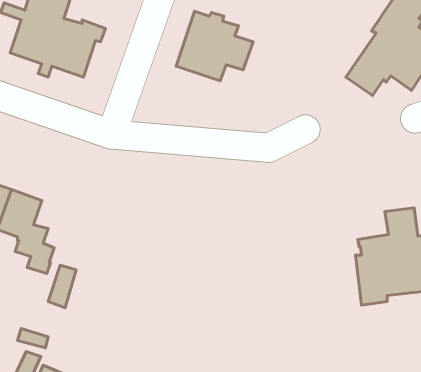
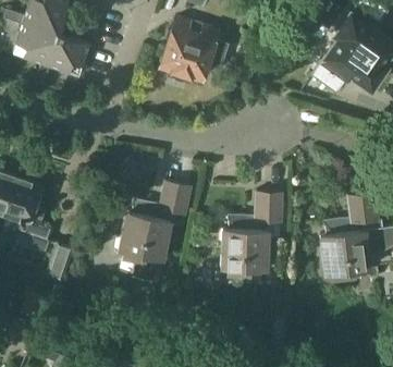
building: none -> [116,181,188,282]
building: none -> [214,192,280,276]

